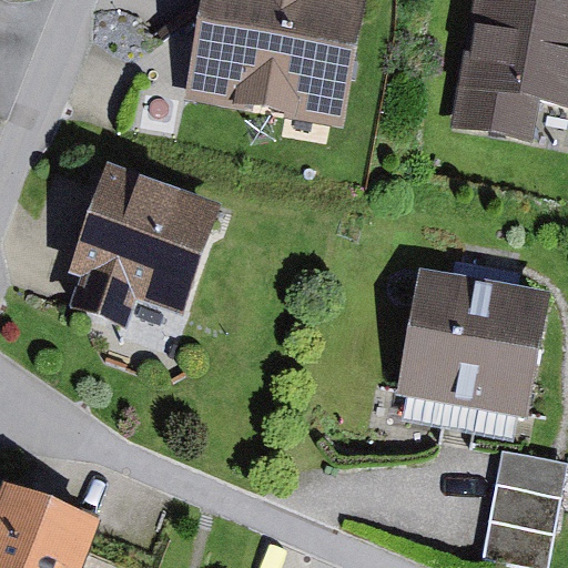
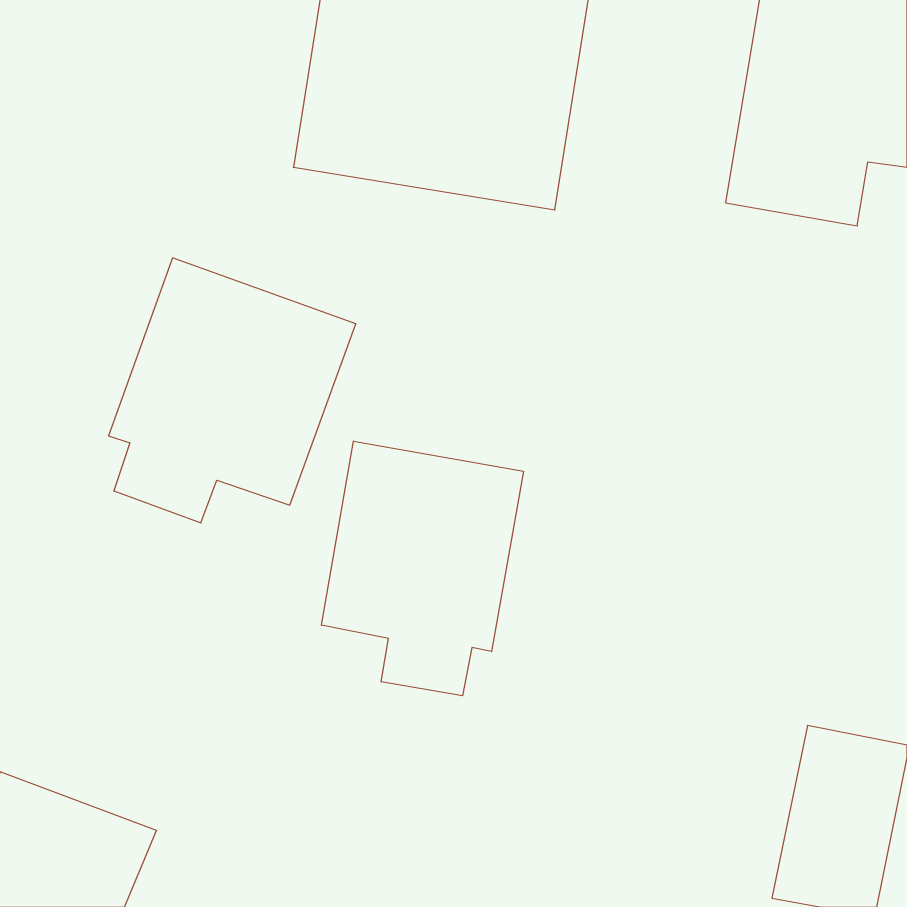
building: [396,261,547,417] -> none
building: none -> [321,441,523,696]

